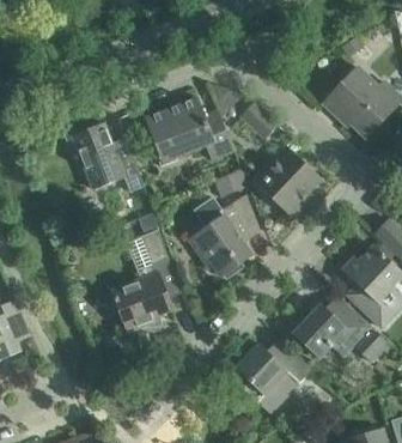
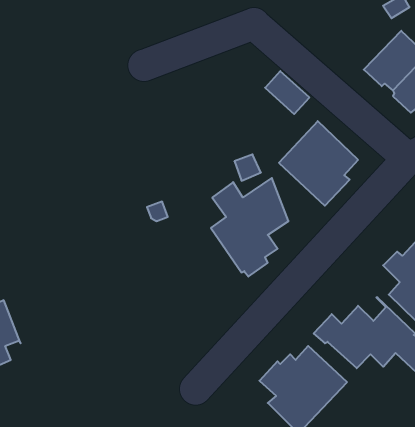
building: [144,98,233,166] -> none
building: [65,125,145,192] -> none
building: [111,230,182,332] -> none

